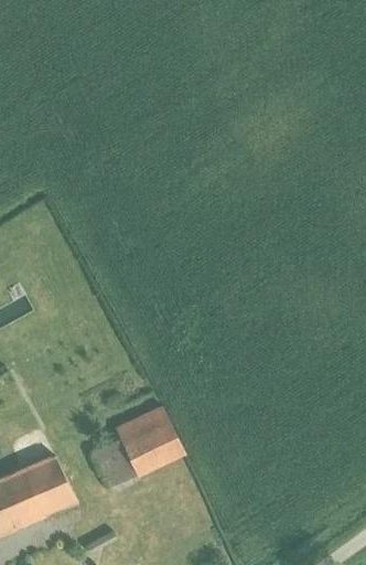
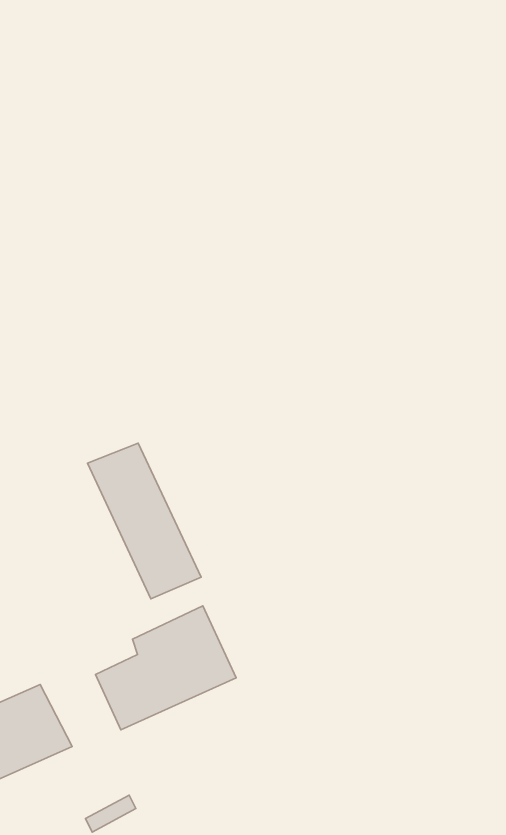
building: none -> [88,443,201,599]

